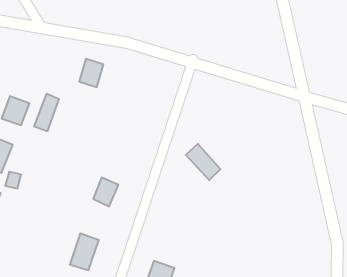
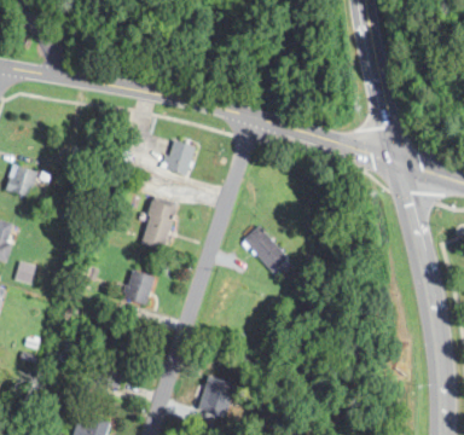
building: [79,59,103,87] -> [166,139,197,175]
building: [34,94,59,131] -> none
building: none -> [141,197,178,250]

